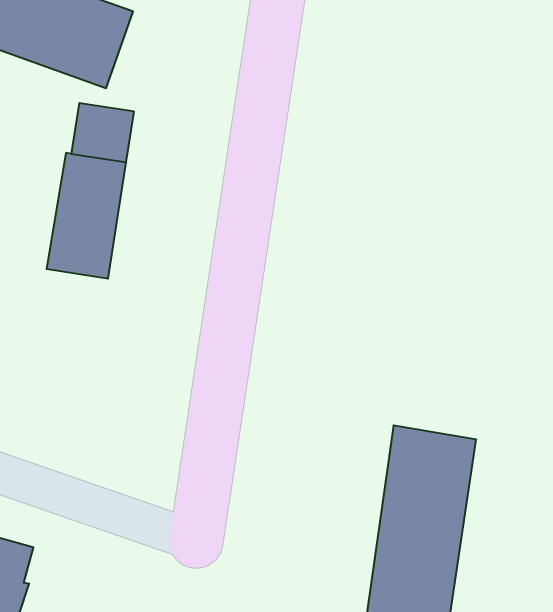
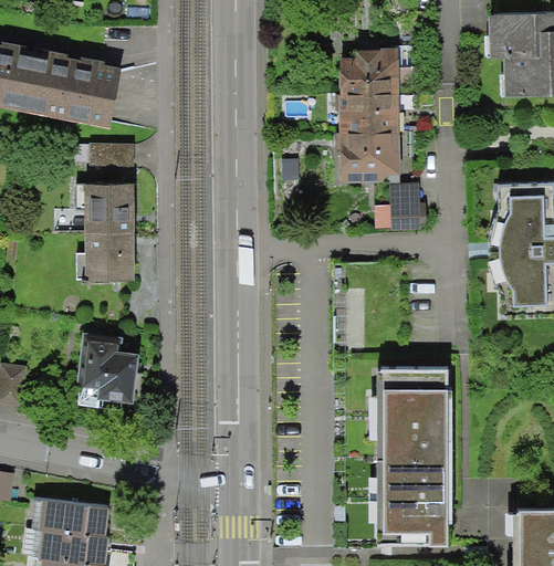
building: none -> [339,49,422,231]
building: none -> [82,337,144,406]

